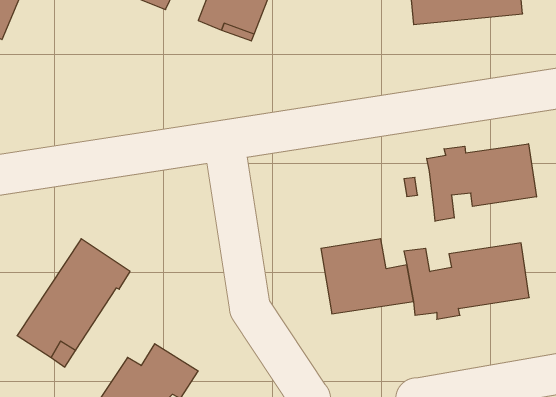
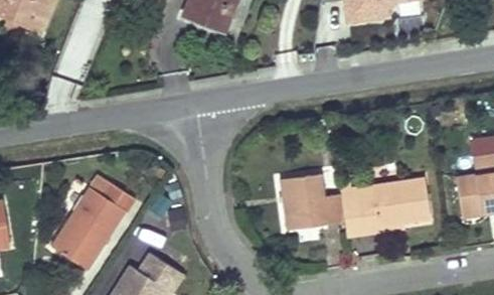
building: [427,144,536,221] -> none

